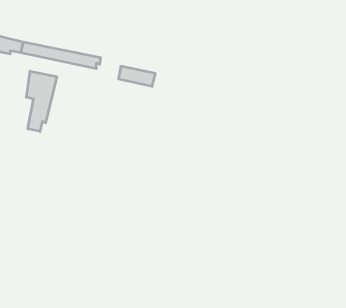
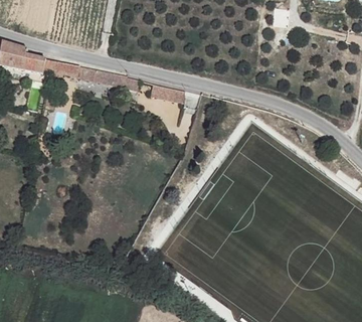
building: [26,71,57,132] -> none

